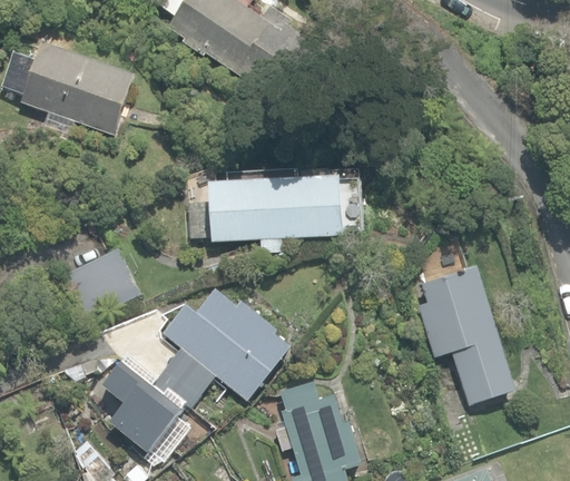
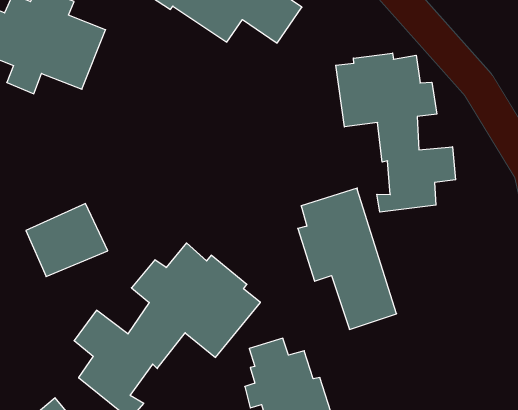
building: none -> [336,53,456,212]
building: [187,174,344,252] -> none
building: [417,264,515,404] -> [298,188,397,329]

